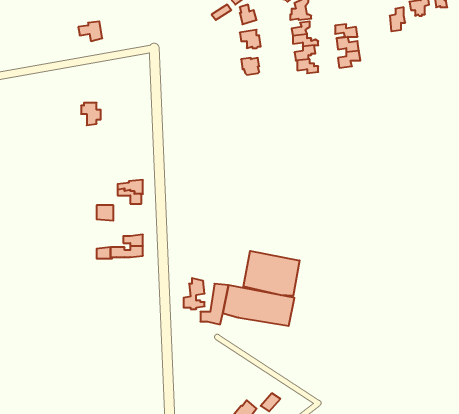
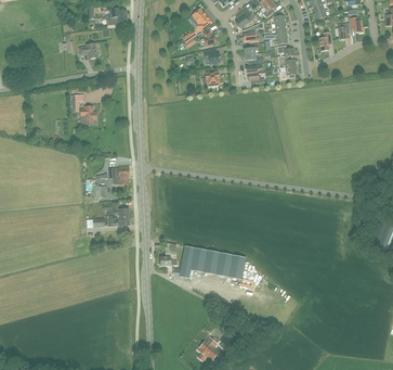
building: [243,251,300,296] -> none

